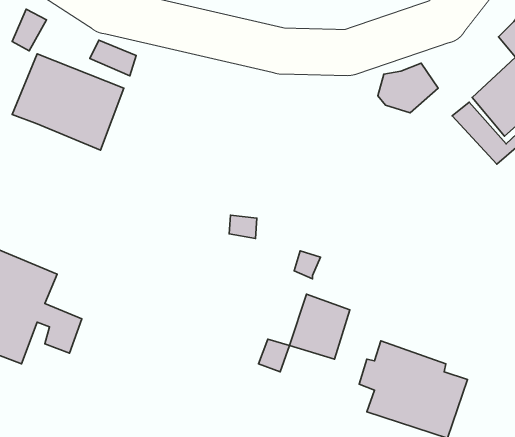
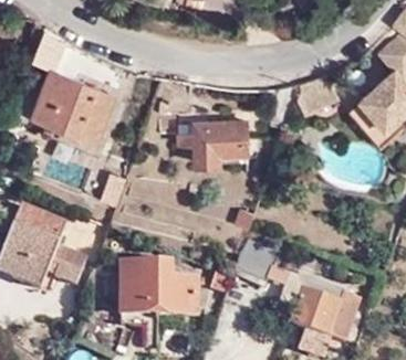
building: none -> [48,91,122,149]
building: none -> [179,116,248,162]
building: none -> [119,261,198,314]

